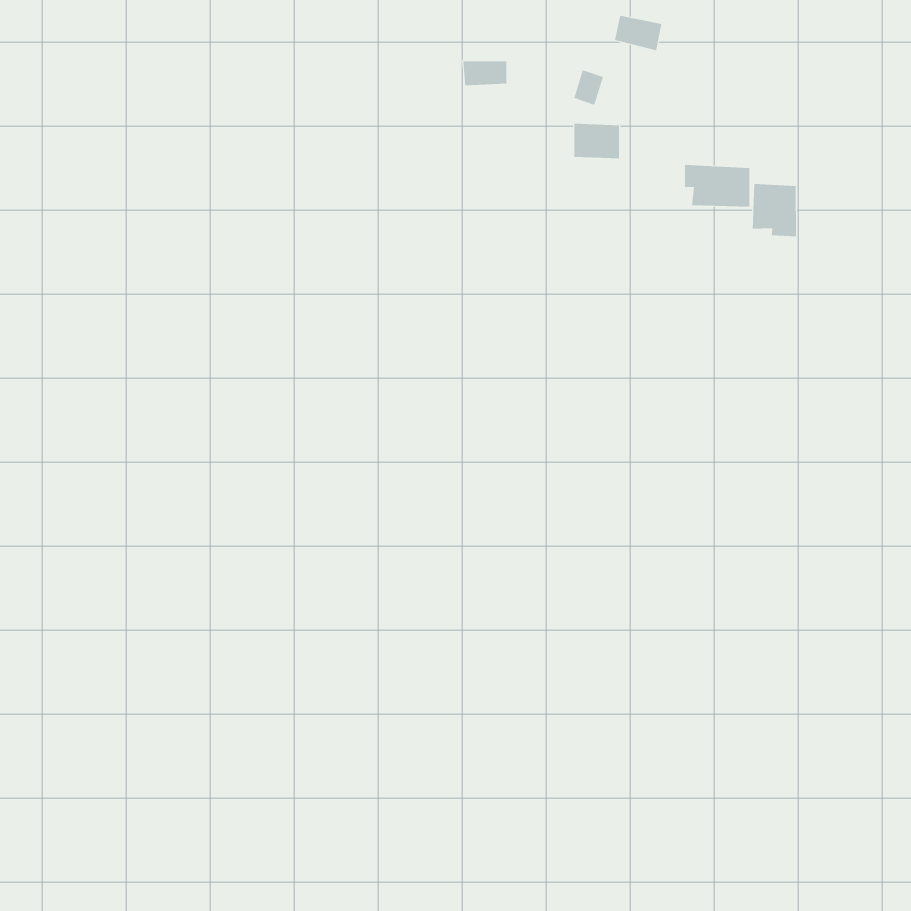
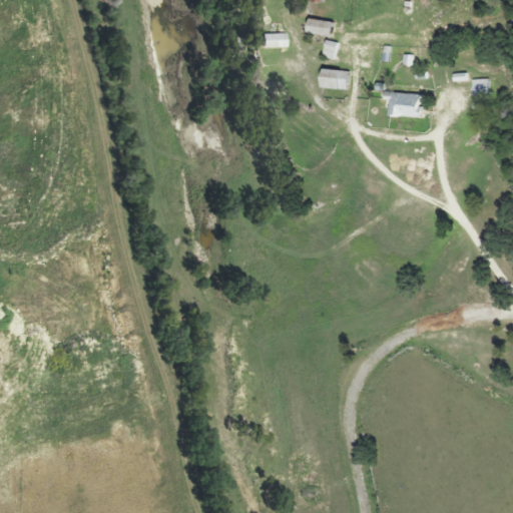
building: [614,15,662,51] -> [307,17,334,37]
building: [752,183,796,237] -> none

